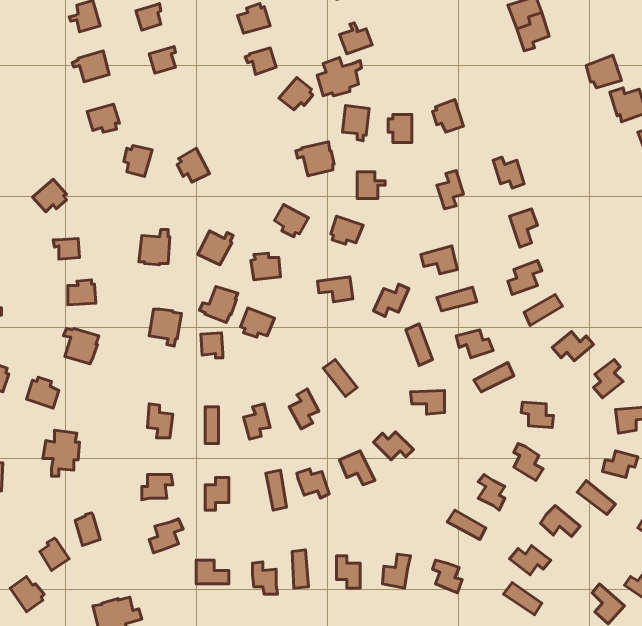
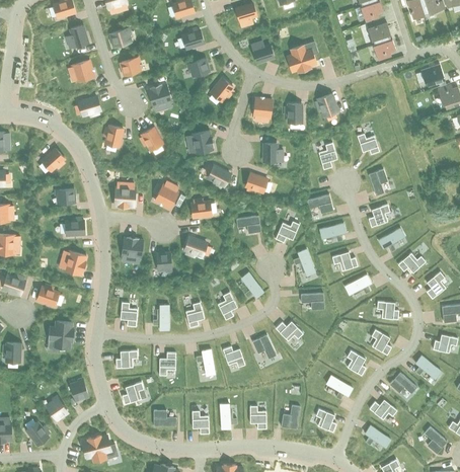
building: [317,58,362,96] -> [287,45,317,71]
building: none -> [147,83,171,107]
building: [296,142,334,176] -> [186,130,213,153]
building: [200,286,238,323] -> none

